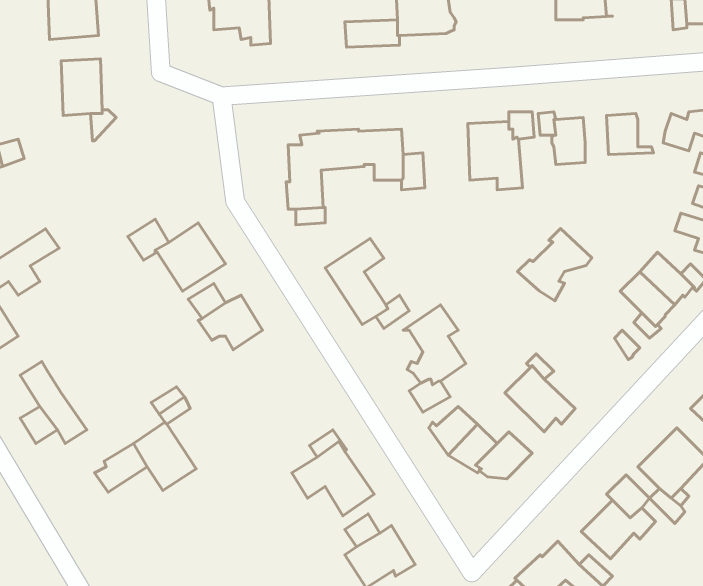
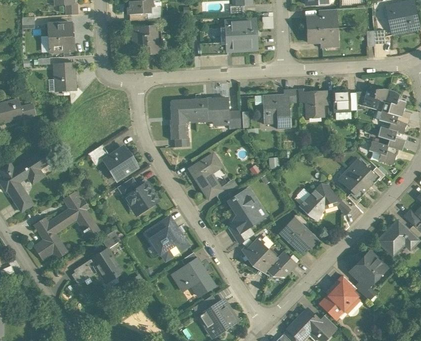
building: [518,228,592,301] -> [298,184,336,221]
building: none -> [47,191,99,238]
building: none -> [148,220,189,259]

